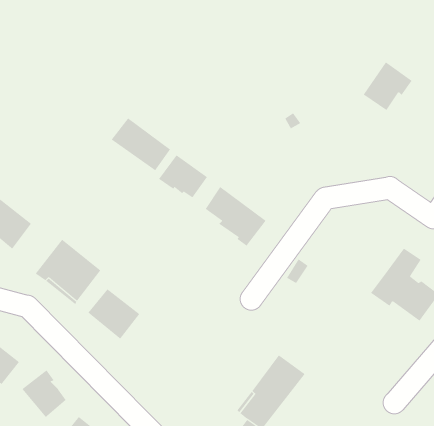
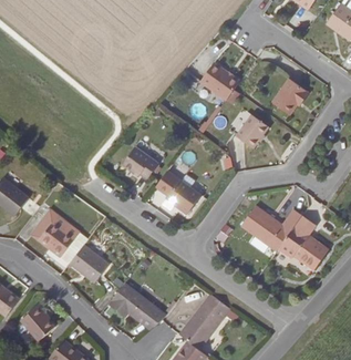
building: none -> [200,62,240,100]
building: none -> [236,114,269,147]
building: [111,117,171,171] -> none
building: none -> [241,205,302,250]
building: none -> [110,282,166,329]

